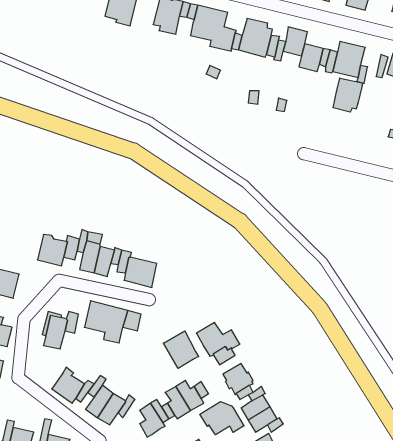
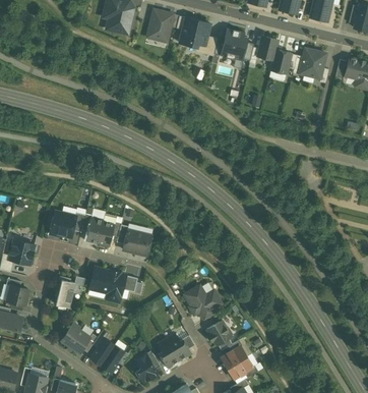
building: [333,78,362,112] -> none
building: [163,331,199,368] -> none
building: [200,402,244,435] -> none

